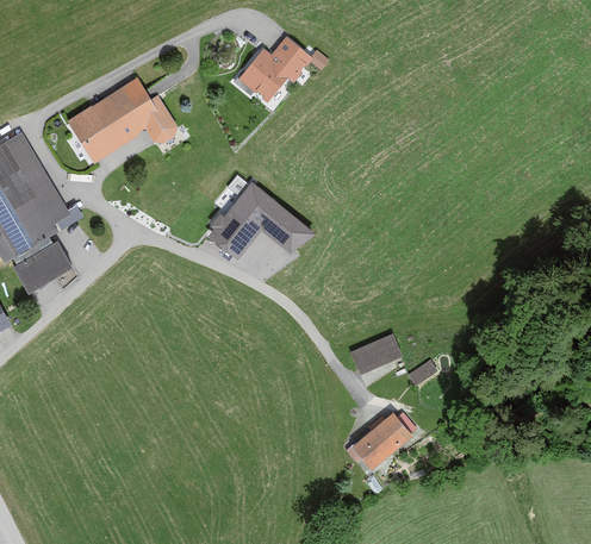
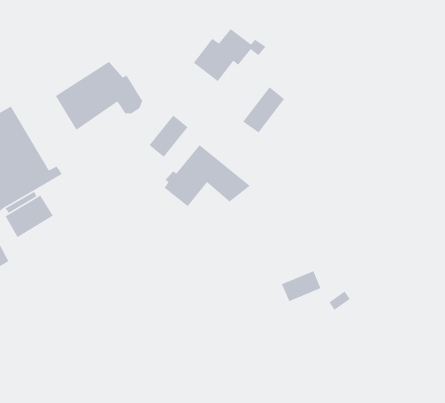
building: none -> [242,86,285,134]
building: none -> [148,115,189,158]
building: [347,409,408,467] -> none

